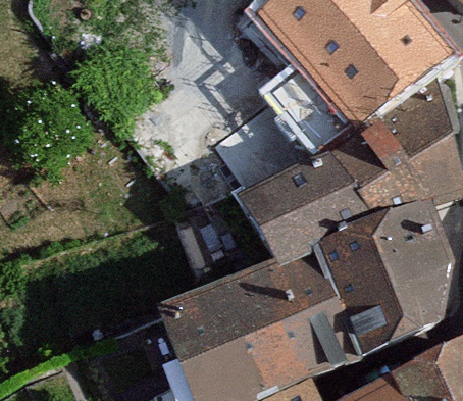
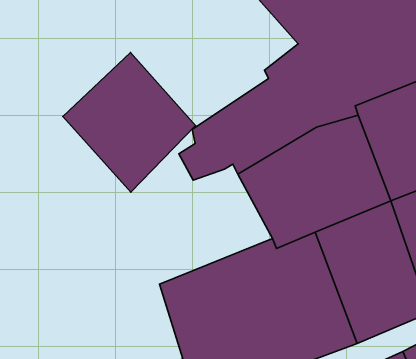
building: none -> [63,53,196,192]

